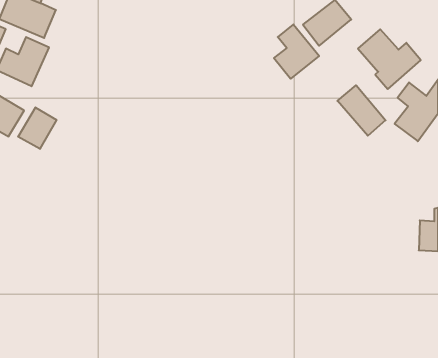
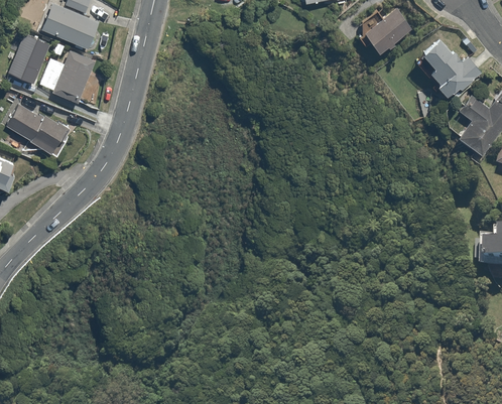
building: [274,24,319,79] -> none
building: [337,85,386,136] -> none
building: [18,107,56,149] -> none

